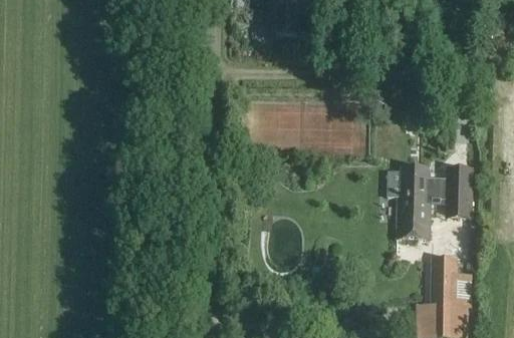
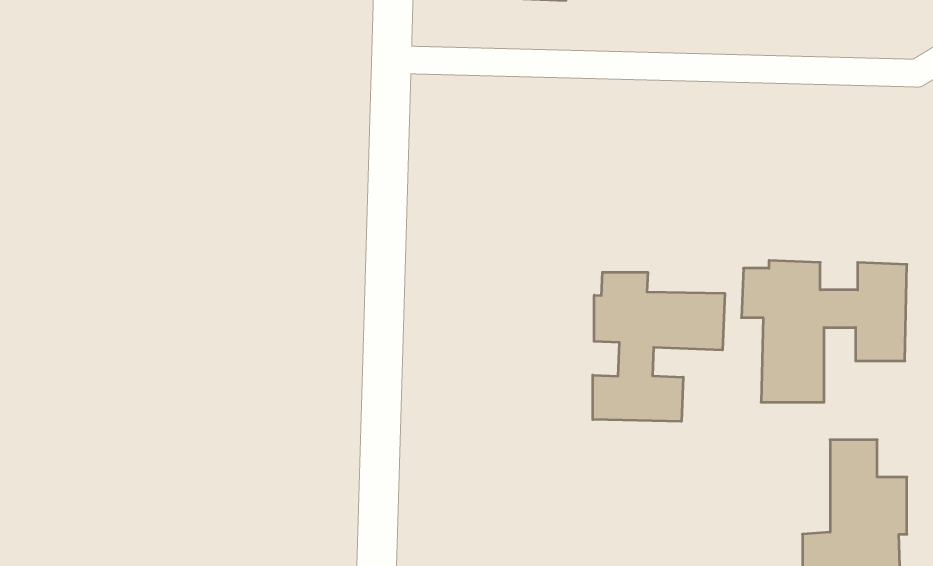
building: none -> [593,272,725,421]

